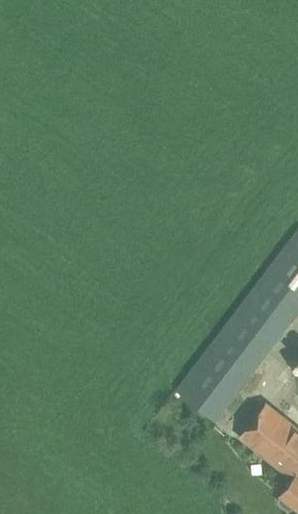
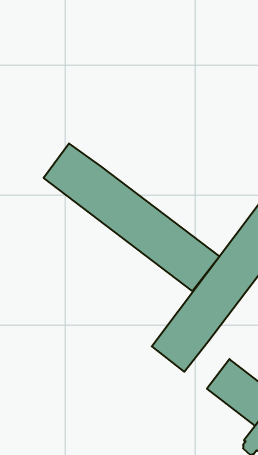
building: none -> [44,143,220,291]

